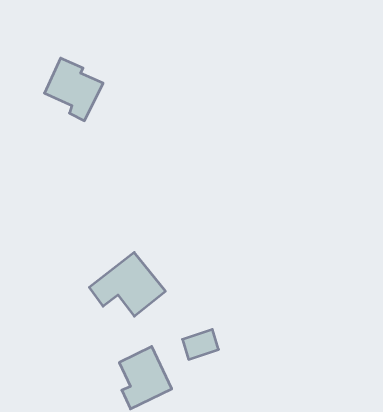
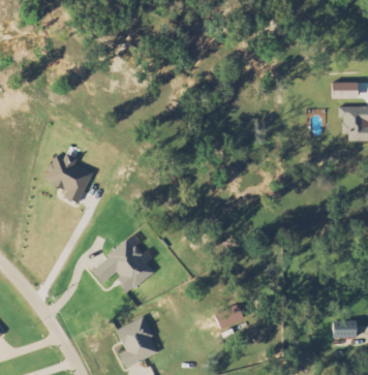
building: [44,58,103,121] -> [44,151,93,202]
building: [182,329,219,359] -> [214,303,244,327]

